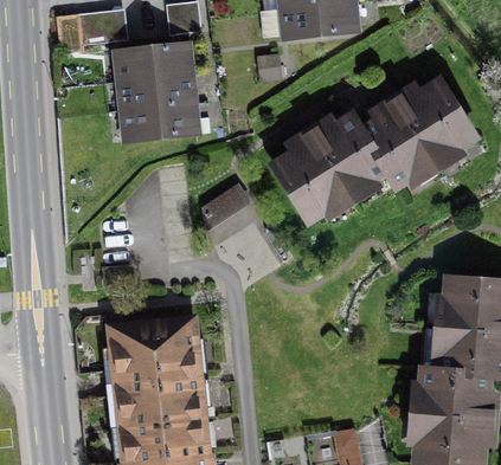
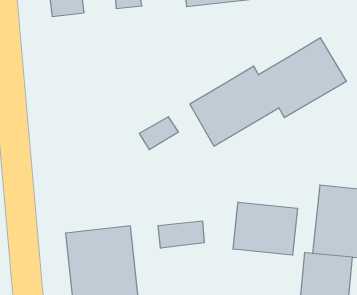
building: [120,45,195,140] -> none
building: none -> [233,202,298,255]
building: none -> [158,221,204,248]

